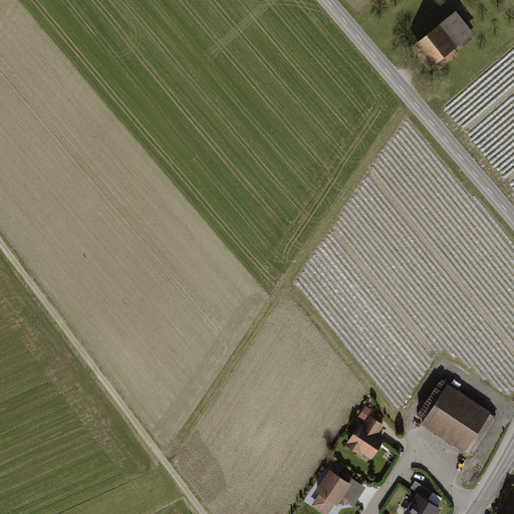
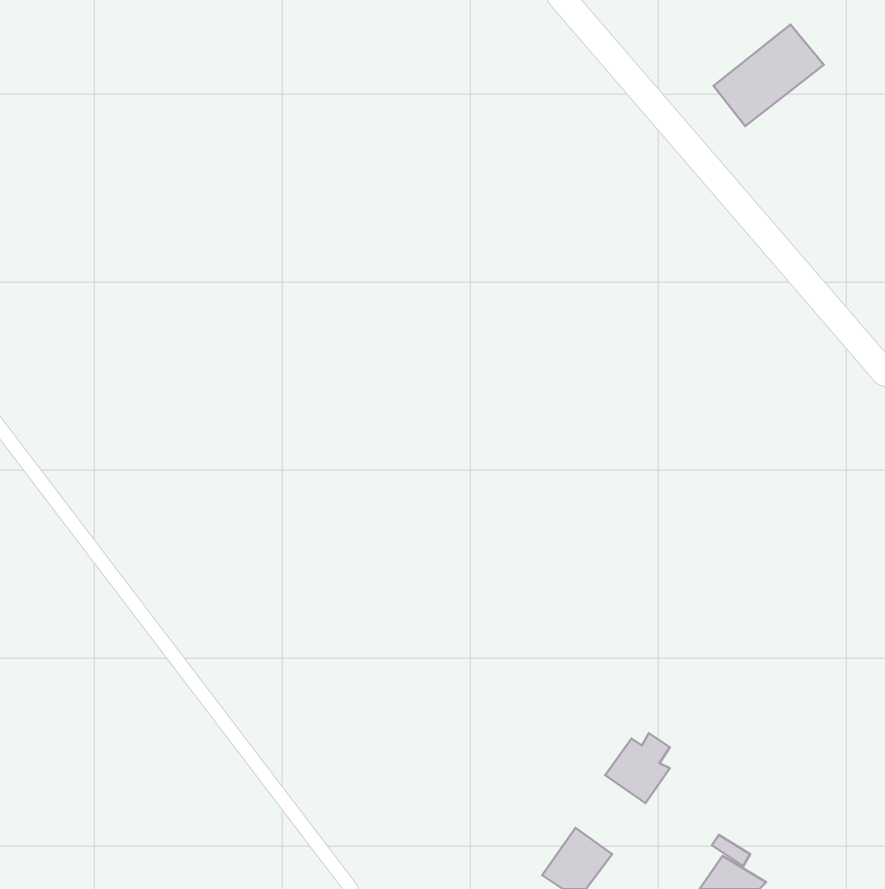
building: [420,383,486,448] -> none

